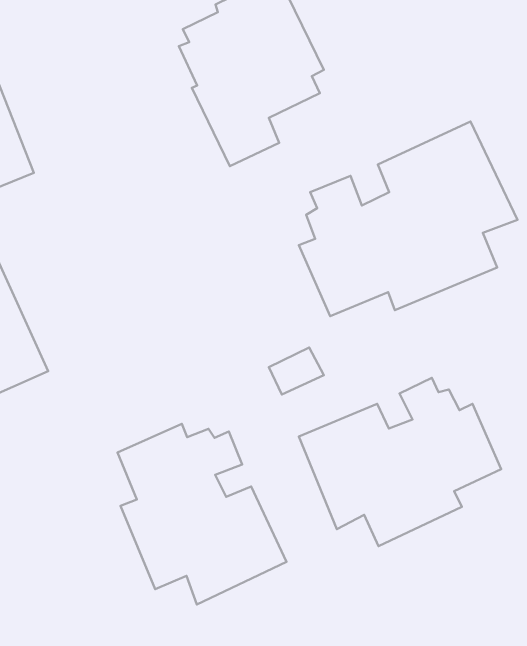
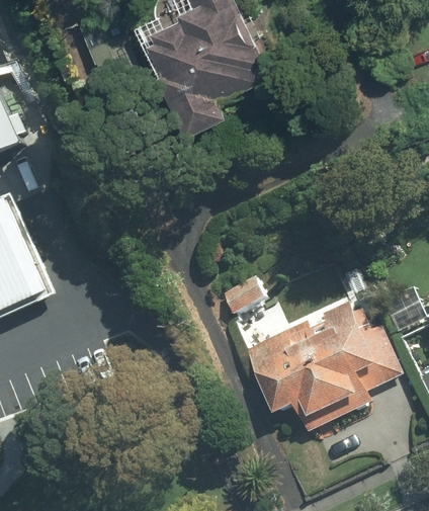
building: [299,122,518,316] -> none
building: [117,424,286,604] -> none

